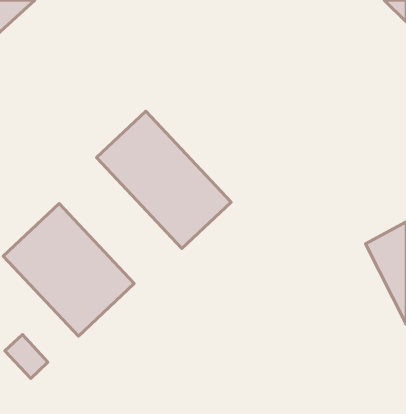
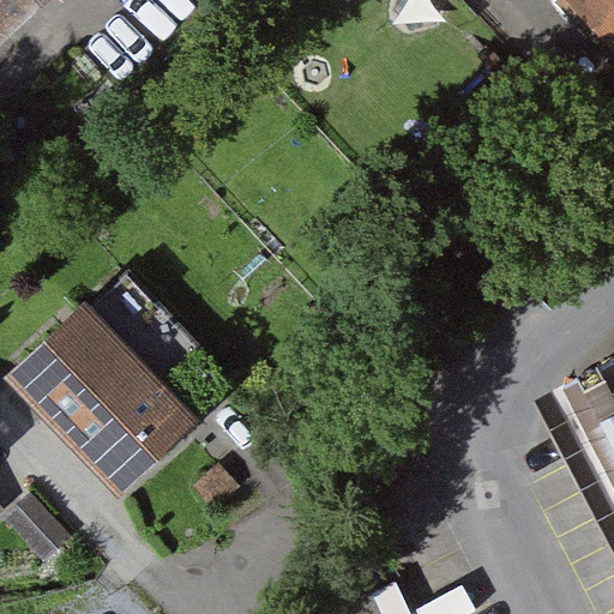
building: [96,111,231,248] -> none

